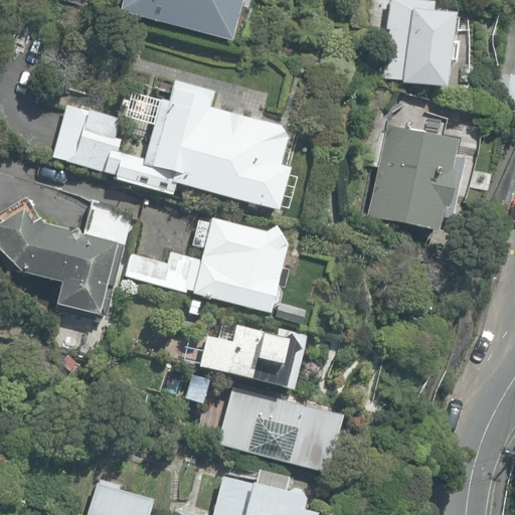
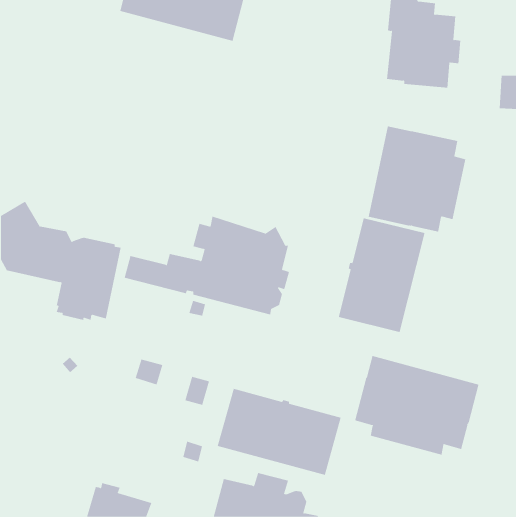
building: [66,88,291,211] -> none
building: none -> [338,217,425,333]
building: [199,321,309,388] -> none
building: none -> [355,355,479,455]

